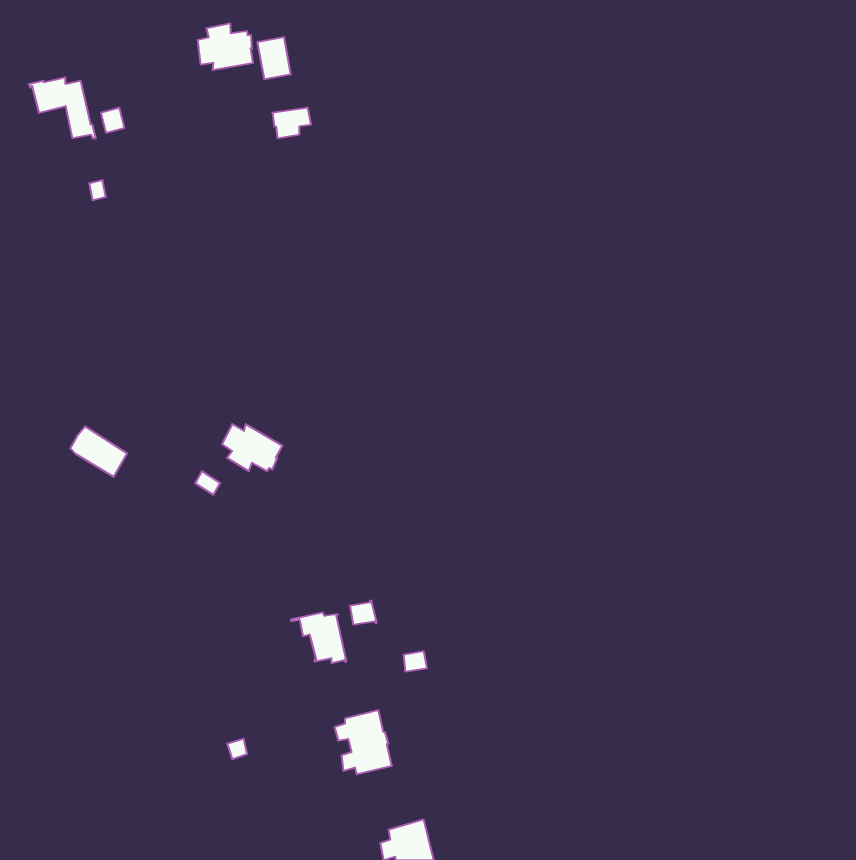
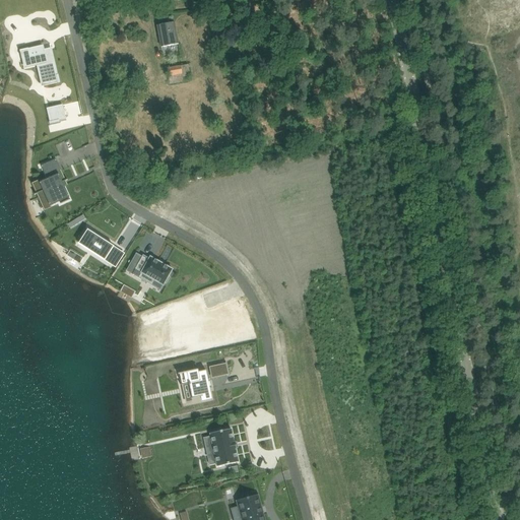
building: [198,23,253,70] -> none
building: none -> [32,159,68,204]
building: [70,426,127,477] -> [79,228,114,258]

